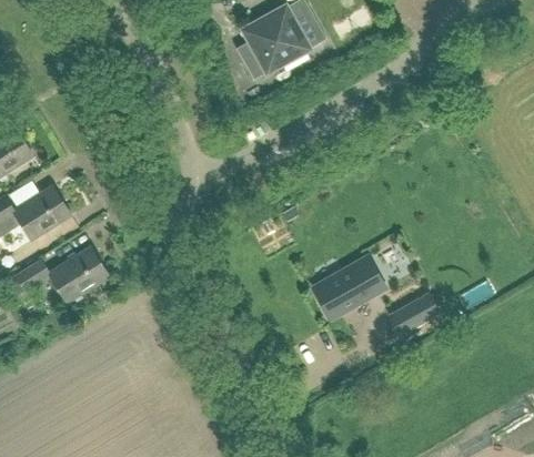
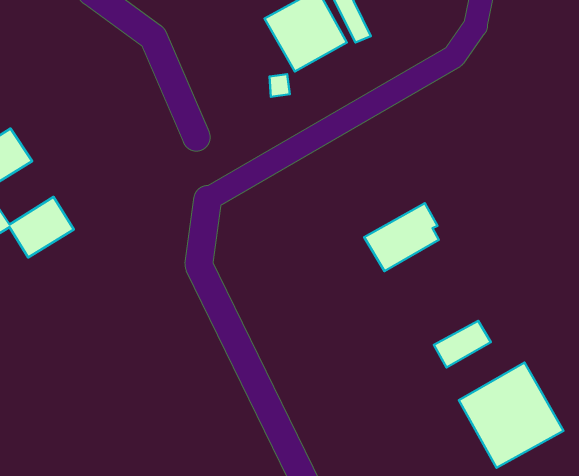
building: [16,247,109,303] -> none
building: [312,260,377,319] -> [364,203,439,271]
building: none -> [459,363,564,468]

